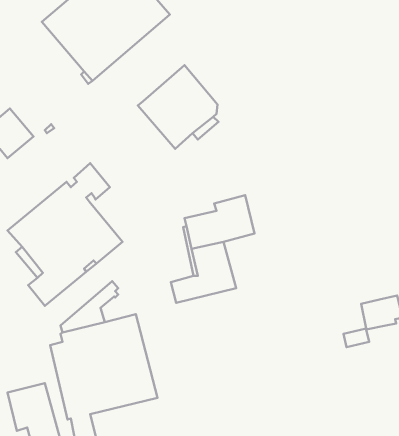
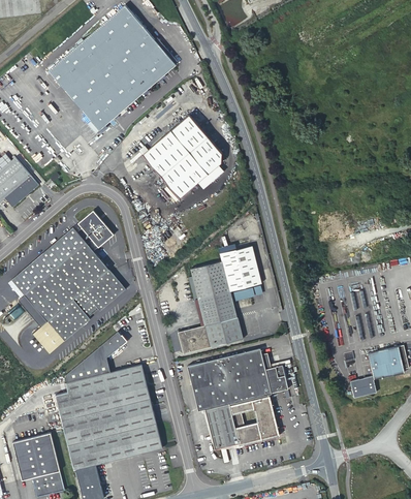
building: none -> [187,347,289,447]

